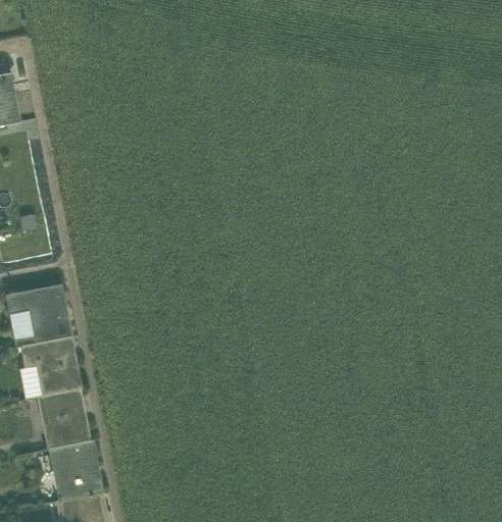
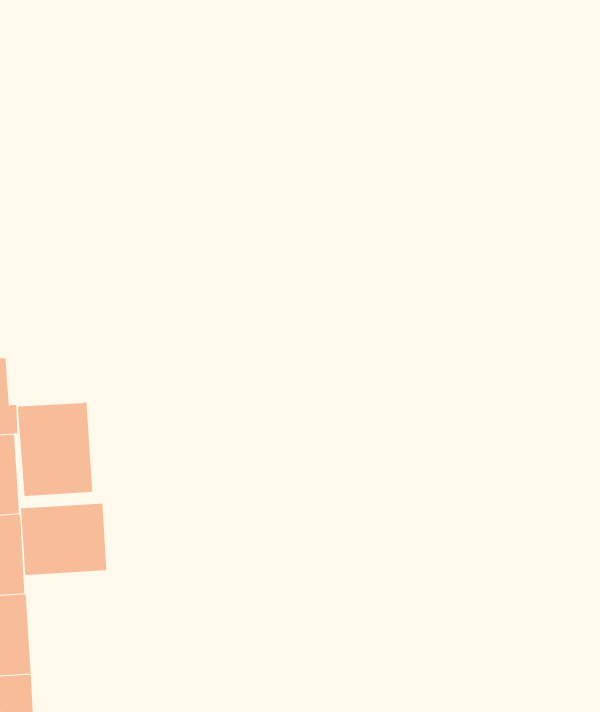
building: none -> [17,401,93,497]
building: none -> [21,503,107,576]

